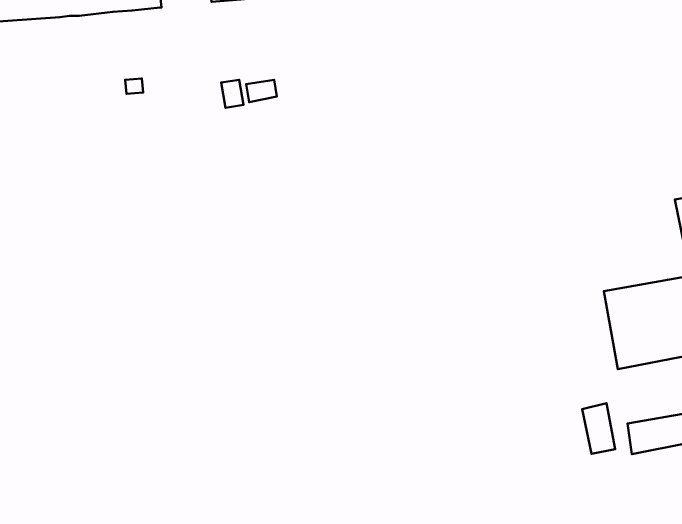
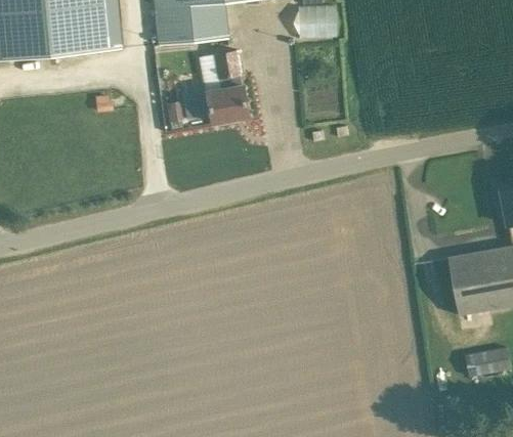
building: none -> [200,50,250,123]
building: [582,403,615,454] -> none

